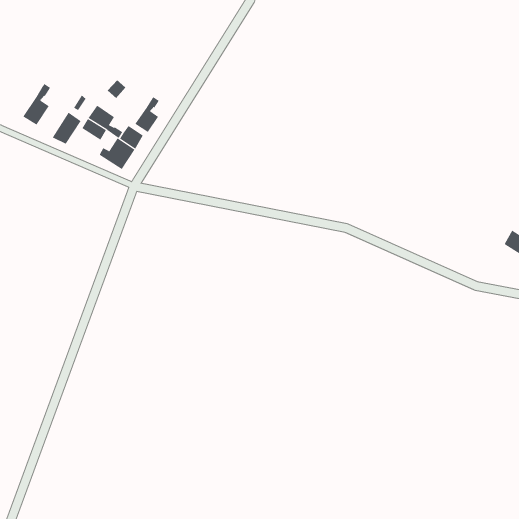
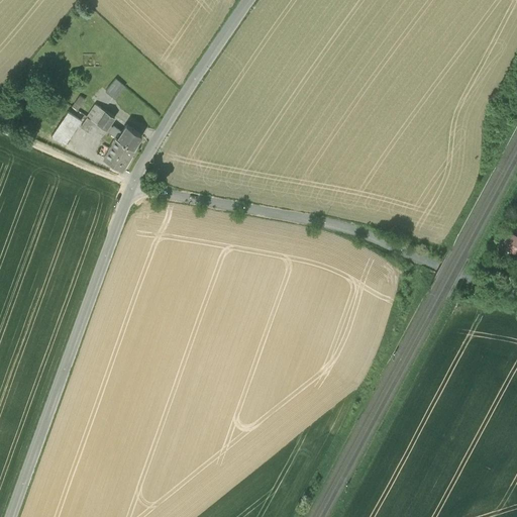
building: [22,83,51,126] -> none
building: [134,96,160,133] -> none

